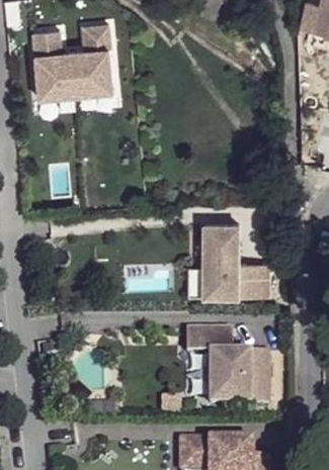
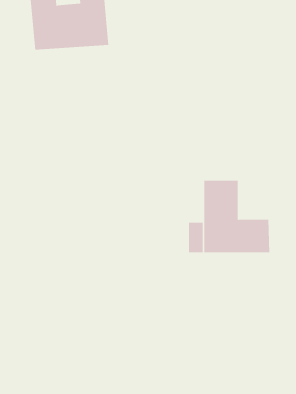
building: [189,326,271,402] -> none

